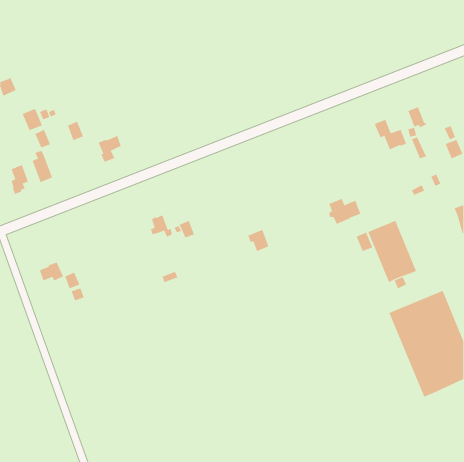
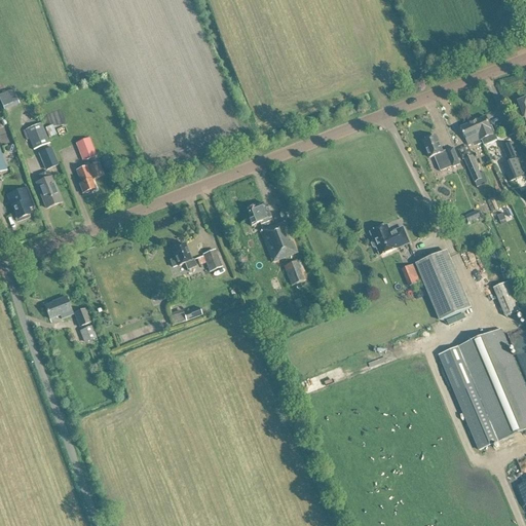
building: none -> [473,115,497,144]
building: [98,135,122,163] -> [75,161,102,192]
building: none -> [246,201,296,261]
building: none -> [492,280,520,315]

